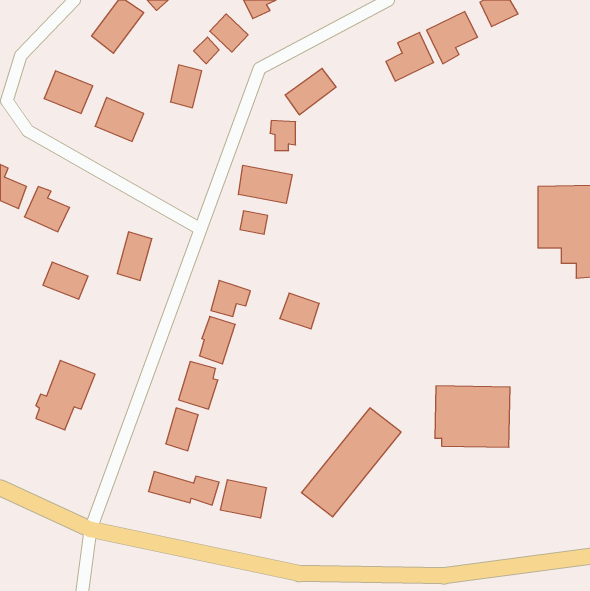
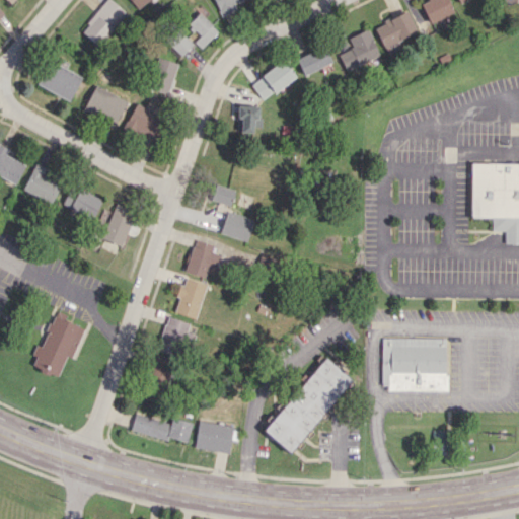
building: none -> [297,47,333,76]
building: none -> [125,103,167,140]
building: [238,165,292,203] -> none
building: [43,262,88,299] -> [64,187,103,219]
building: [280,293,319,329] -> [221,211,255,242]

